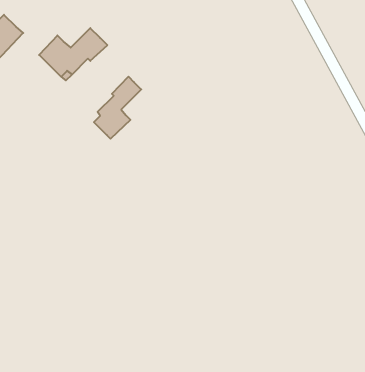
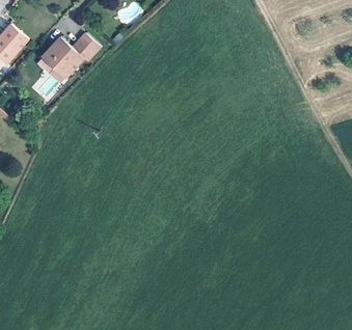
building: [94,77,141,139] -> none

